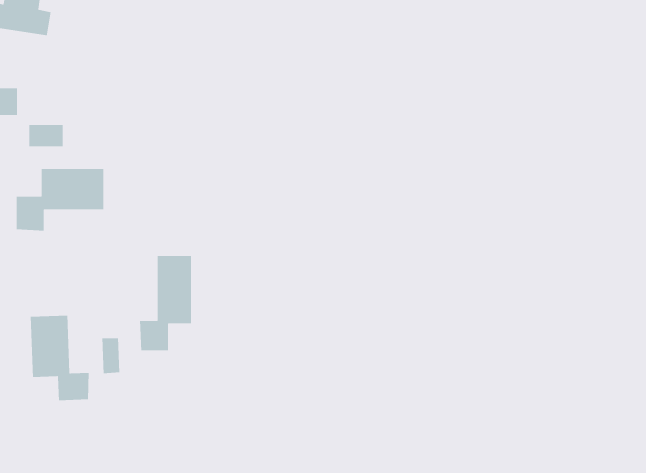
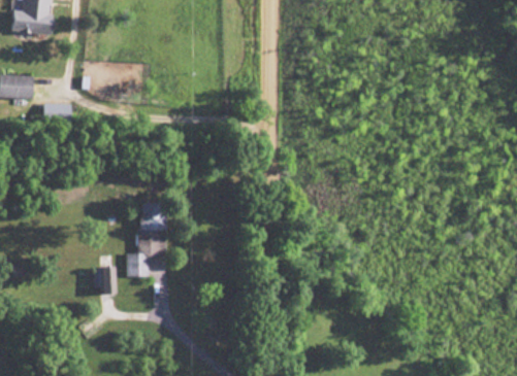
building: [16,168,104,231] -> none
building: [30,315,89,401] -> none

